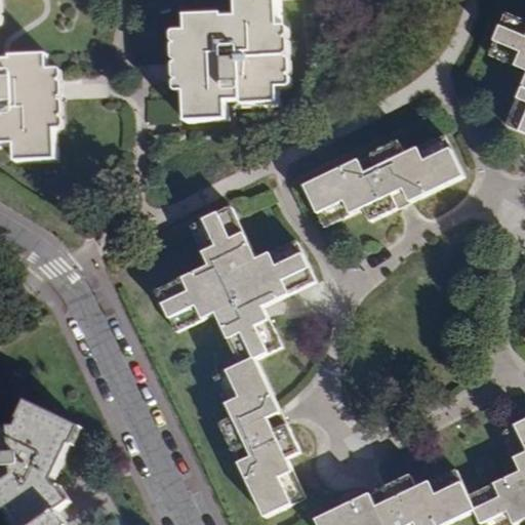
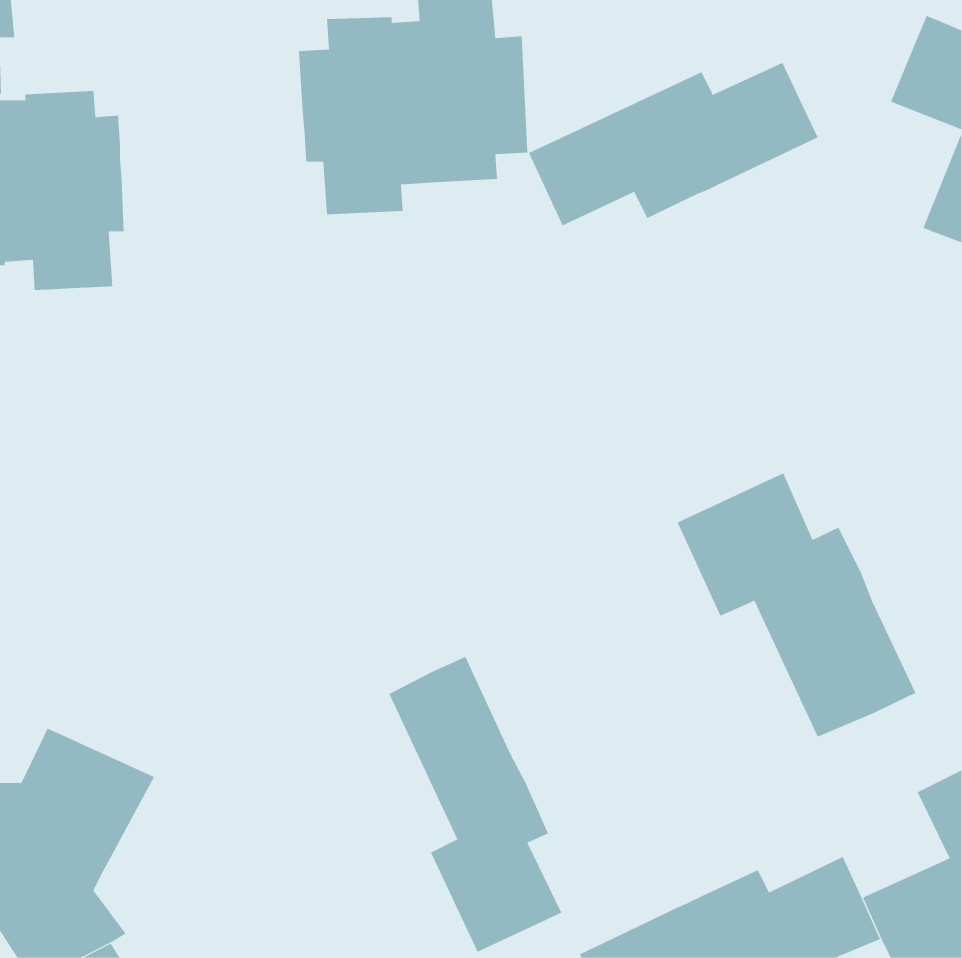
building: [307,134,465,224] -> [528,62,819,226]
building: [153,203,314,365] -> none
building: none -> [677,473,916,738]

